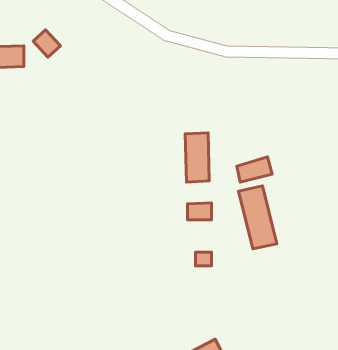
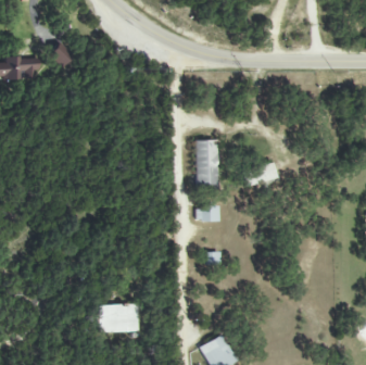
building: [238,186,277,249] -> none
building: none -> [100,304,141,332]

